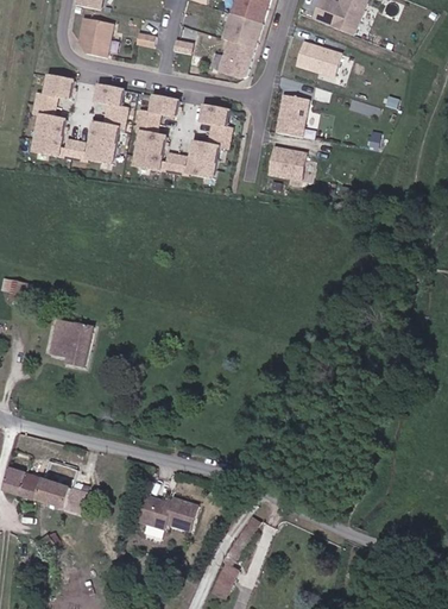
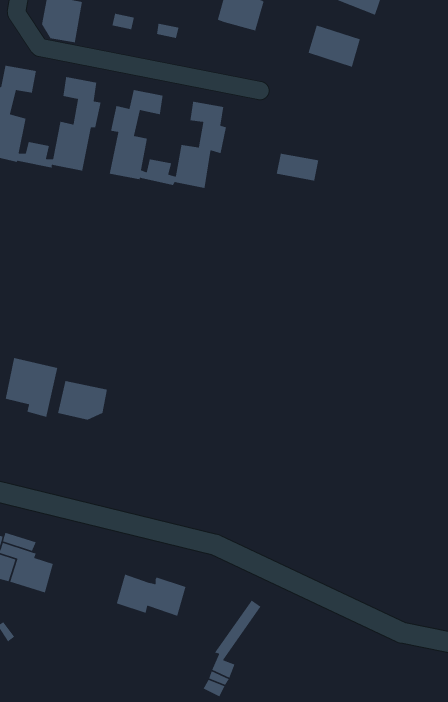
building: [219,40,254,77] -> none
building: [277,95,308,137] -> none
building: none -> [57,380,108,421]

